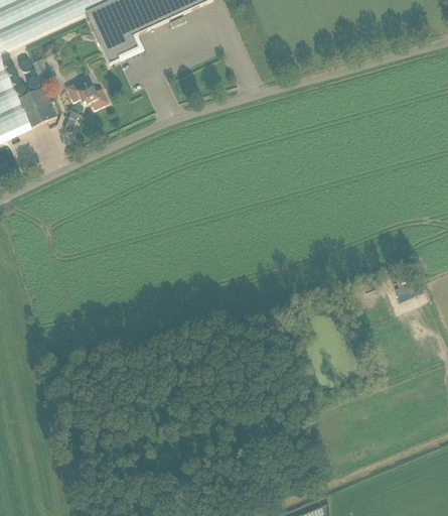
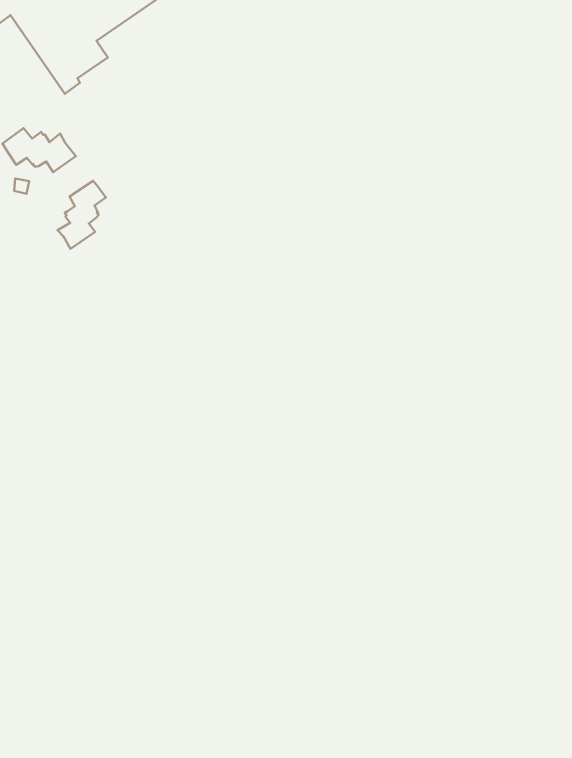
building: none -> [58,181,106,249]

